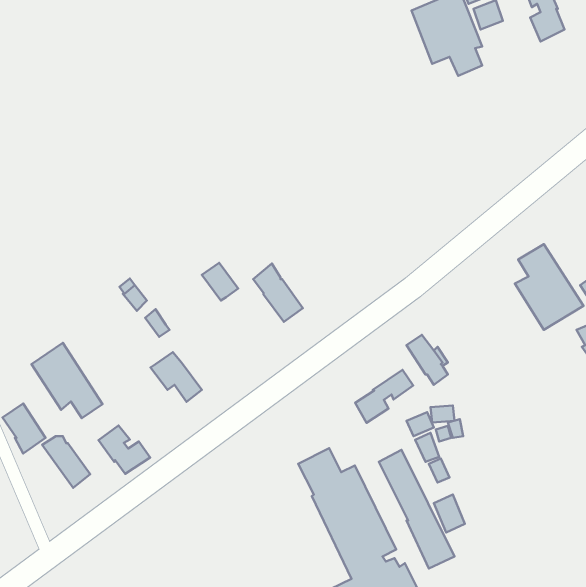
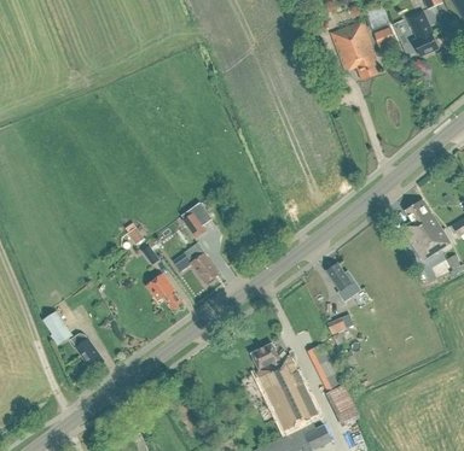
building: [253,264,303,322] -> [182,242,218,283]
building: [31,343,102,418] -> none
building: [355,370,413,423] -> none
building: [99,426,150,474] -> none

